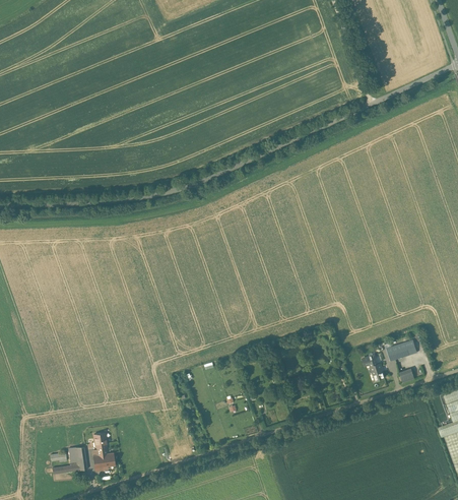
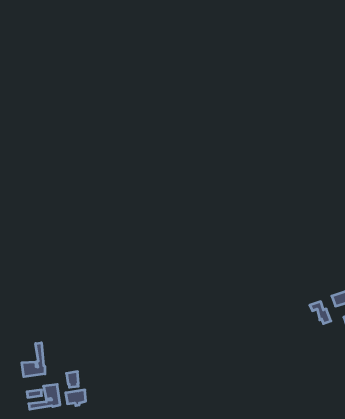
building: none -> [22,343,45,377]

